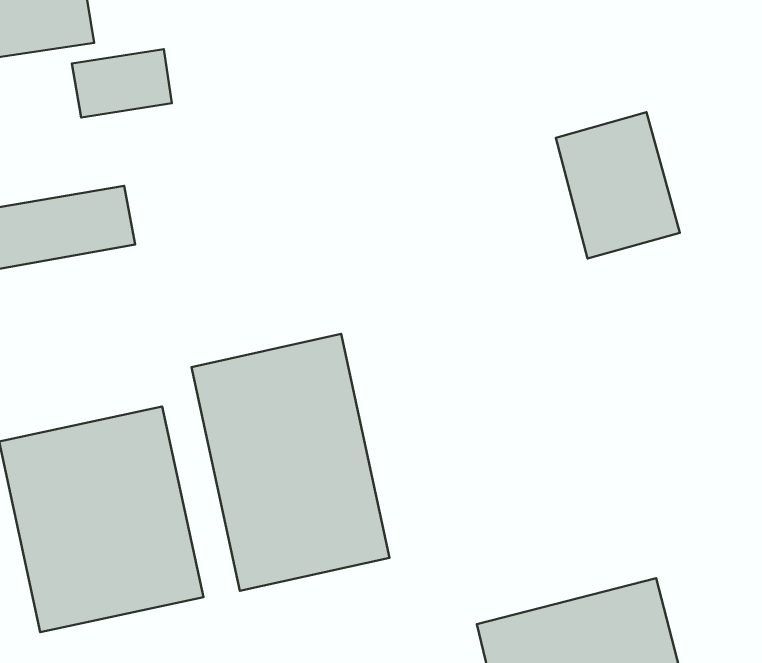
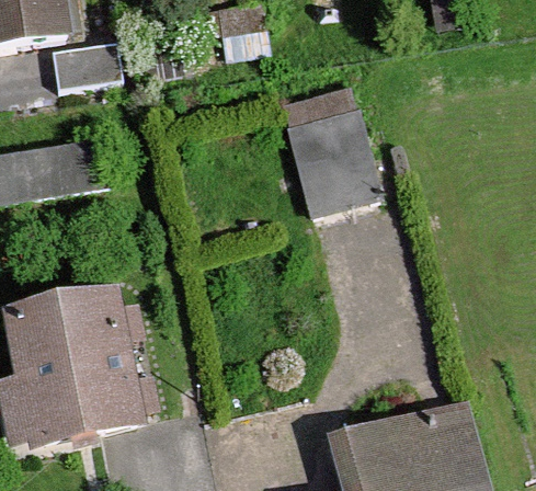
building: [556,112,680,258] -> [294,110,379,210]
building: [191,334,390,591] -> none

